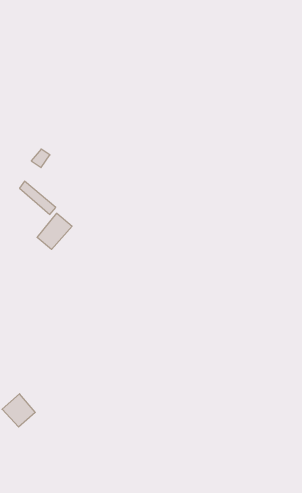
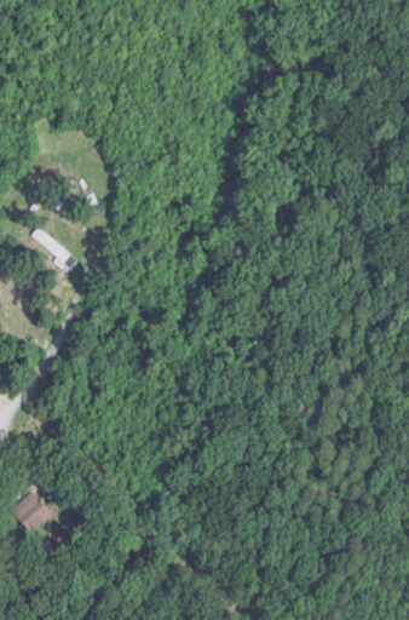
building: [37,213,72,249] -> none

